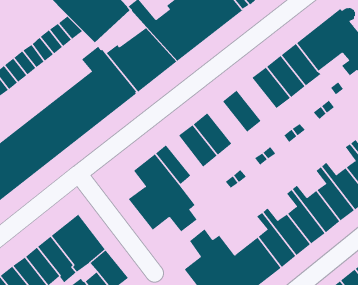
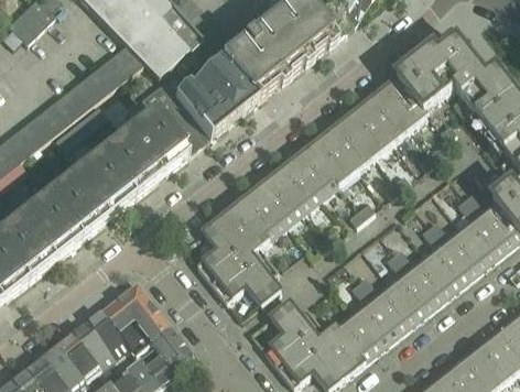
building: none -> [328,118,376,170]
building: none -> [293,146,340,197]
building: none -> [243,187,288,236]

